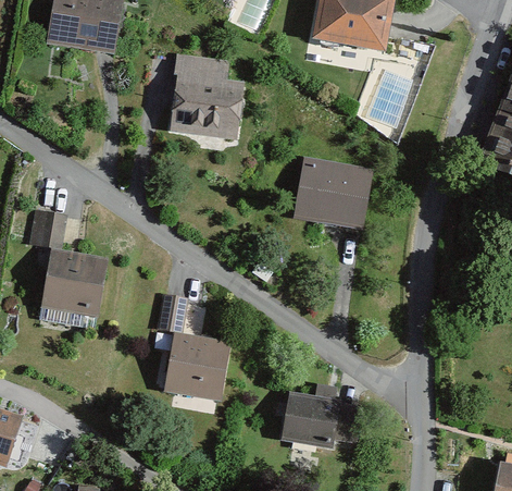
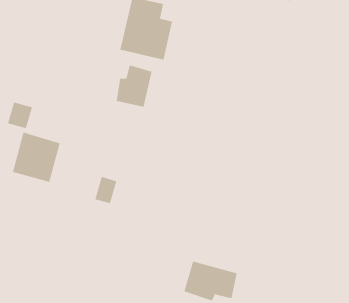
building: none -> [116,64,152,107]
building: [297,161,369,224] -> none
building: [168,336,228,398] -> none

